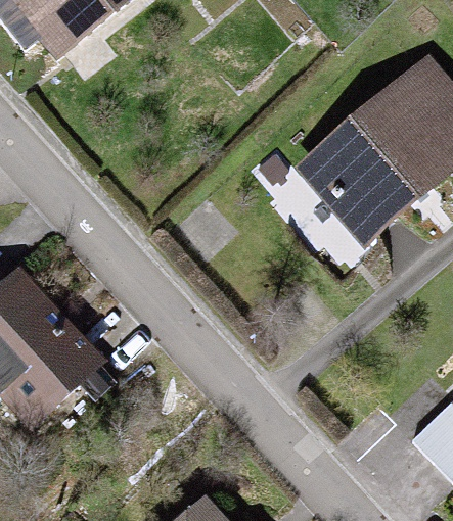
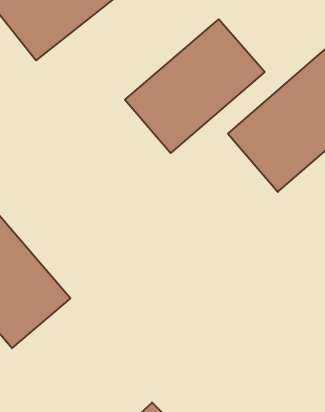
building: none -> [125,19,265,153]

